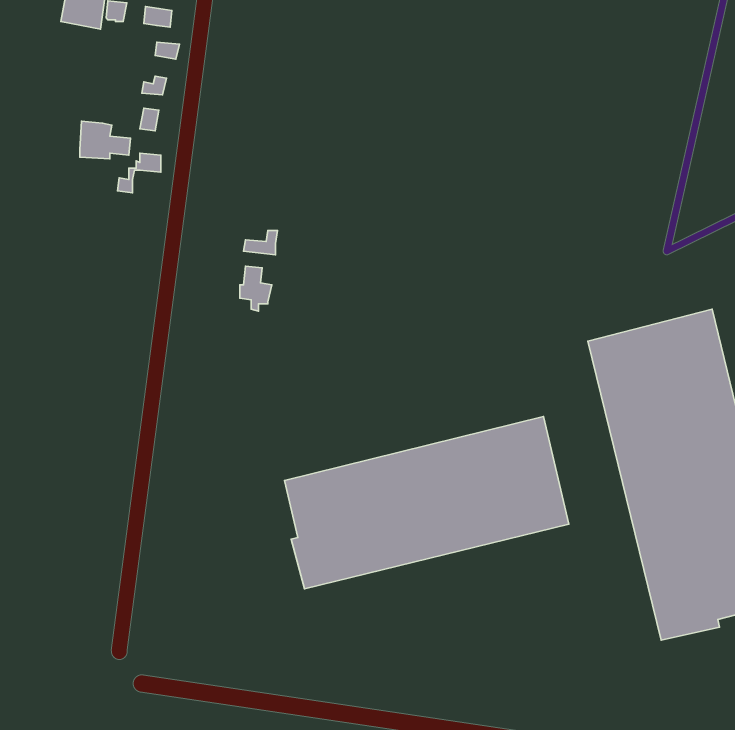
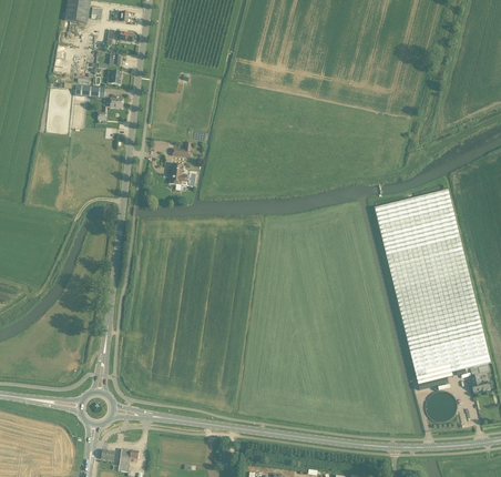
building: [285,416,569,589] -> none

